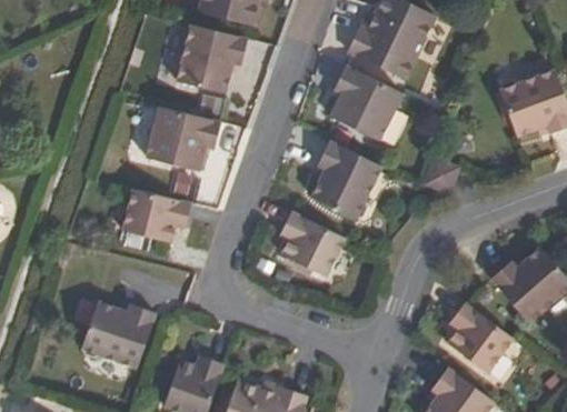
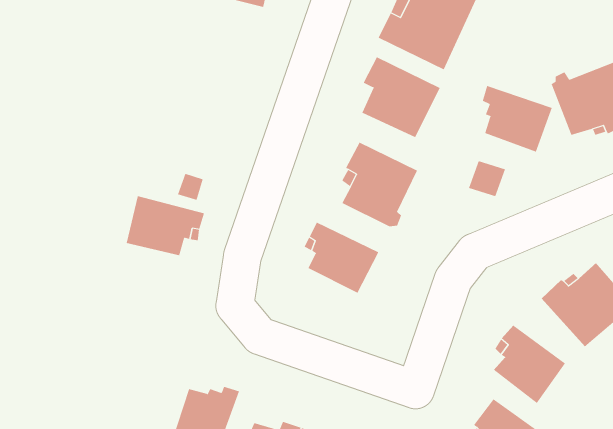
building: [173,24,246,92] -> none
building: none -> [482,85,553,153]
building: [147,108,220,170] -> none
building: [81,303,157,368] -> none

